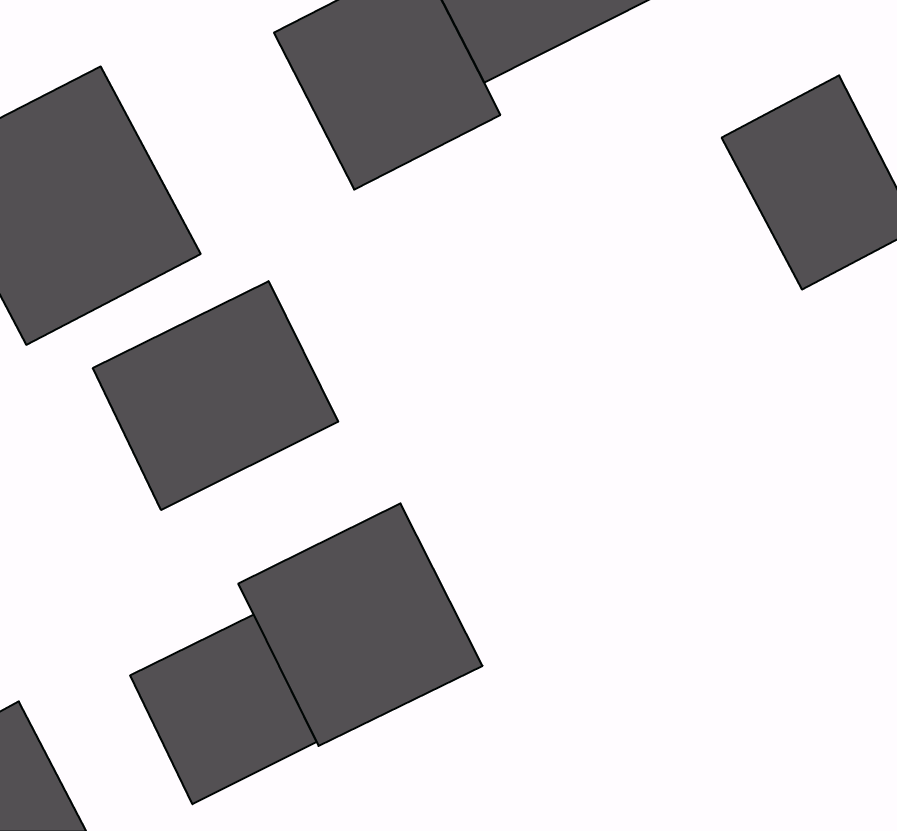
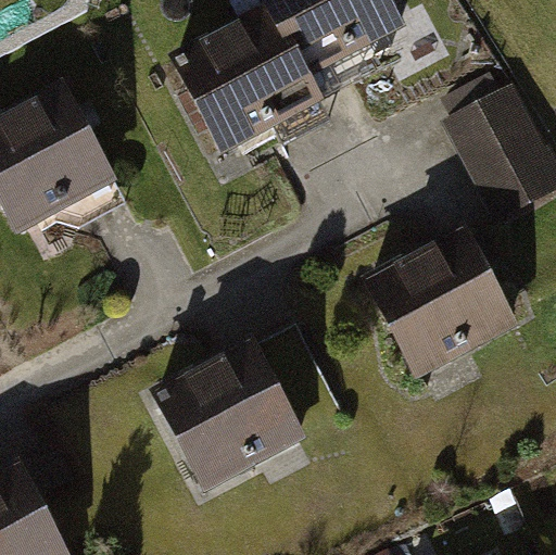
building: [93,281,338,510] -> none
building: none -> [366,229,515,380]
building: [130,614,317,804] -> none

